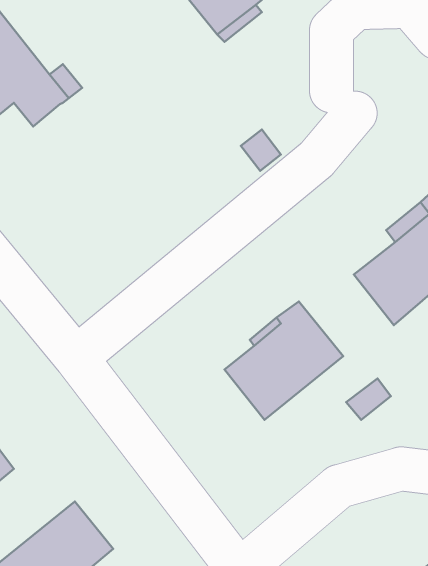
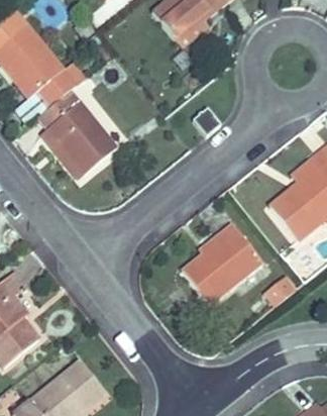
building: none -> [37,89,118,175]

